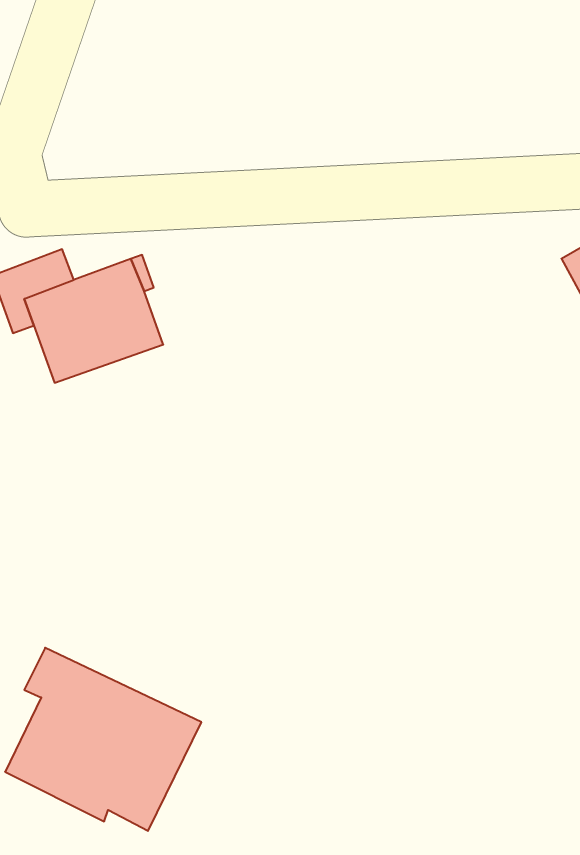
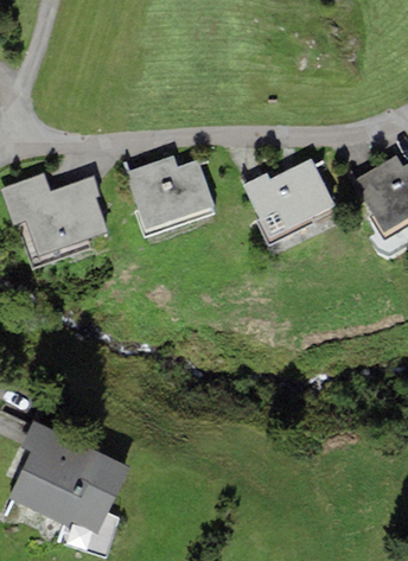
building: none -> [126,154,213,229]
building: none -> [242,159,334,238]

